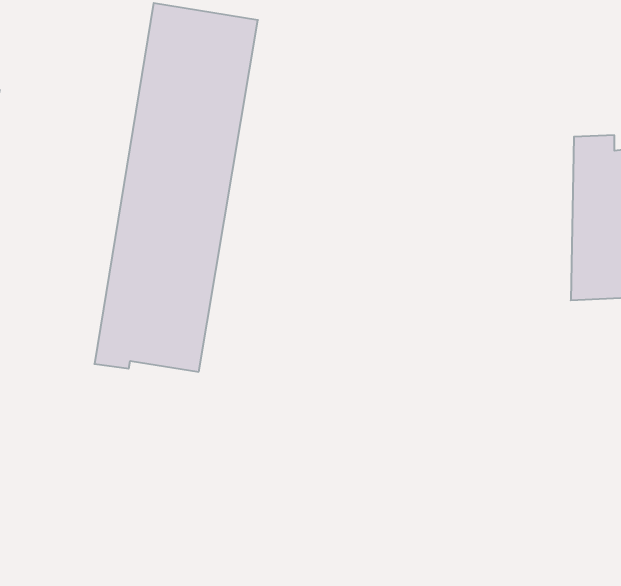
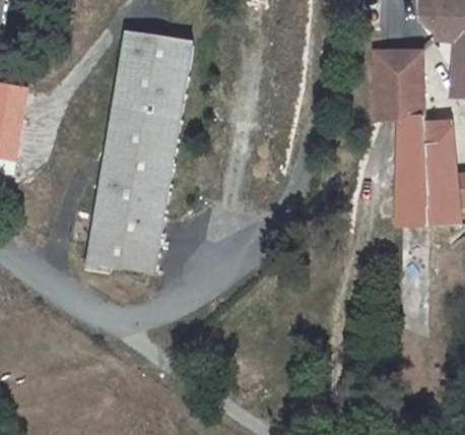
building: none -> [376,51,424,119]

